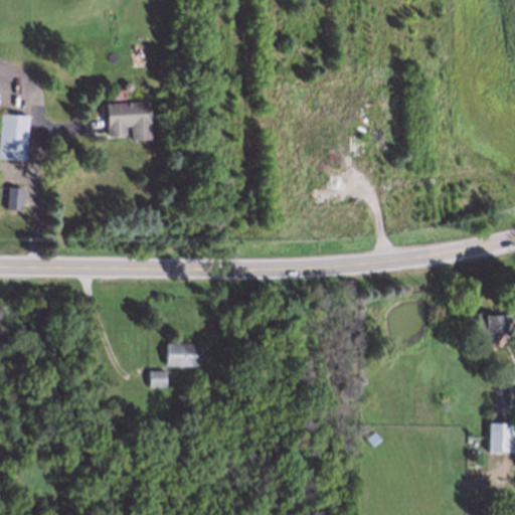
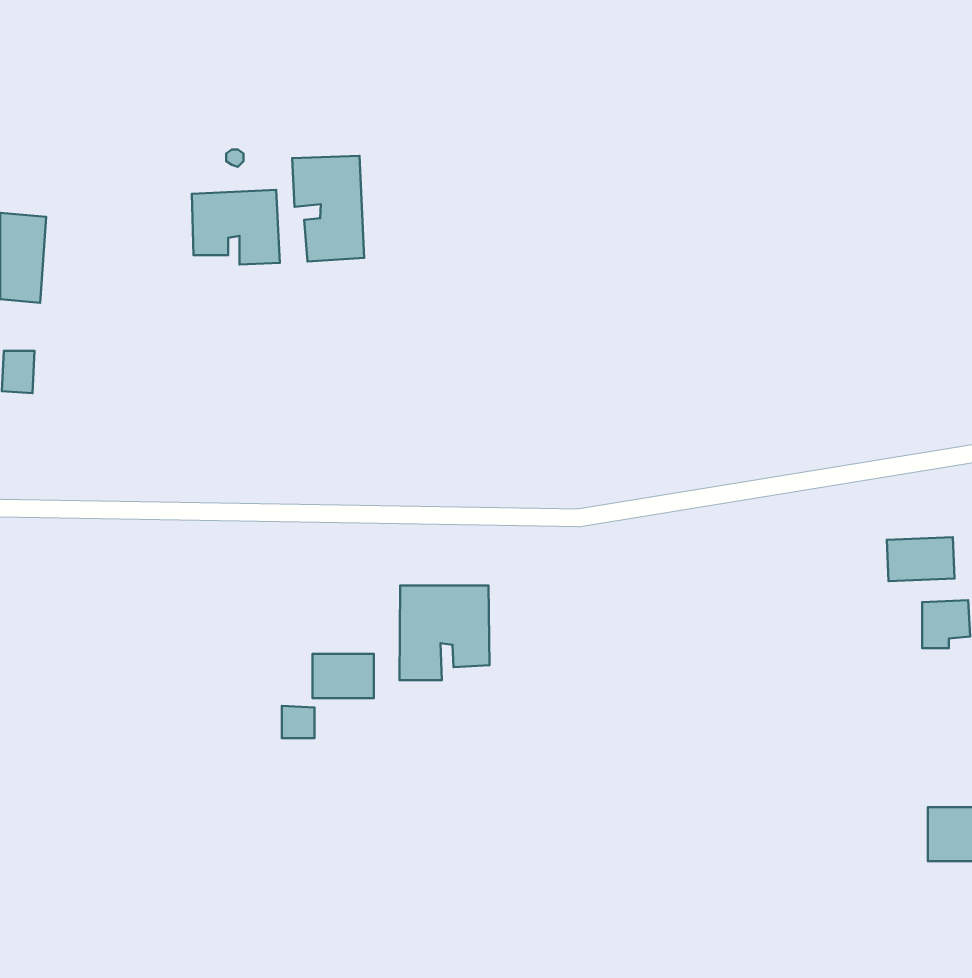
building: none -> [292,156,364,261]
building: none -> [887,537,955,581]
building: none -> [400,586,490,680]

